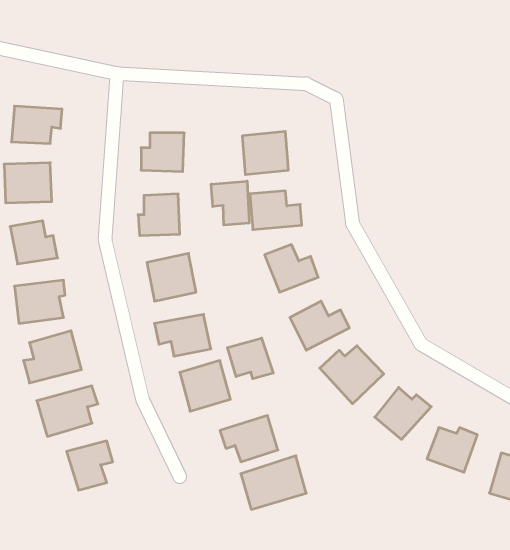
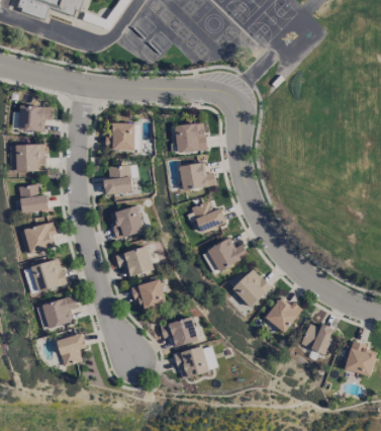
building: [211,181,249,225] -> none
building: [227,338,273,379] -> none

